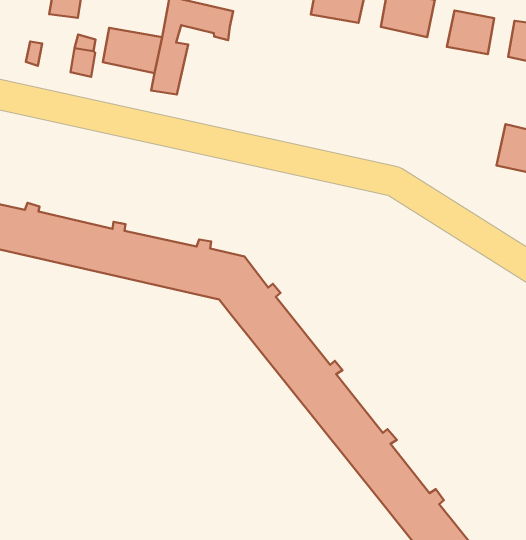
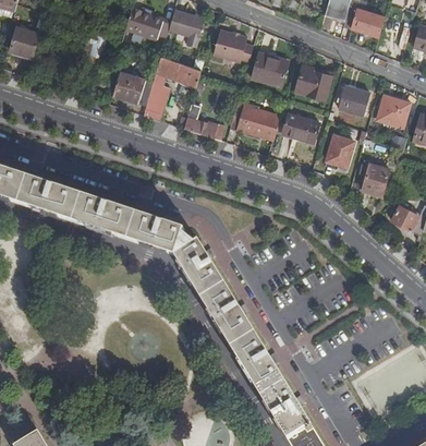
building: none -> [231,105,281,140]
building: none -> [283,114,320,144]
building: none -> [184,116,226,141]
building: none -> [327,135,354,167]

